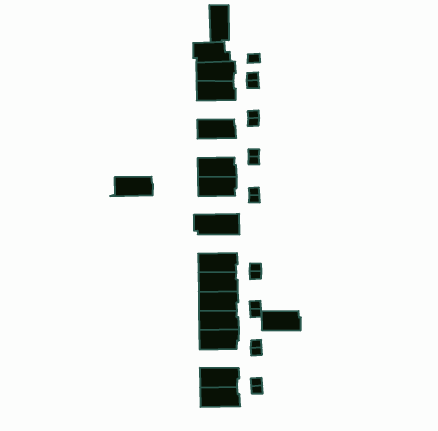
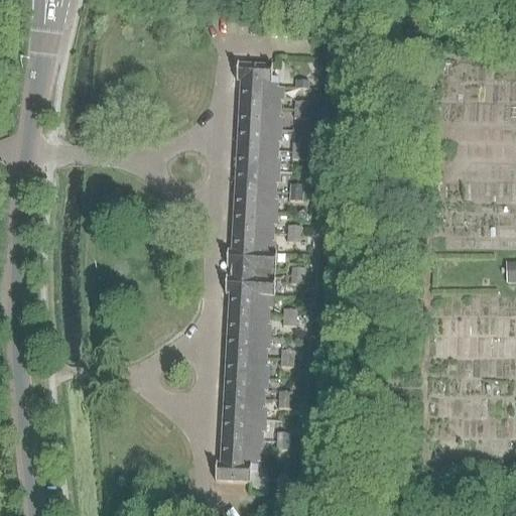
building: [209,5,229,42] -> none
building: none -> [237,126,280,149]
building: none -> [235,167,278,190]
building: [110,177,153,196] -> [227,230,274,252]
building: none -> [225,271,275,294]
building: [262,311,301,330] -> [223,396,266,419]
building: none -> [216,459,264,482]

